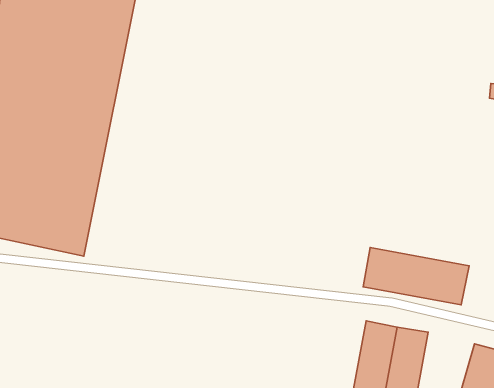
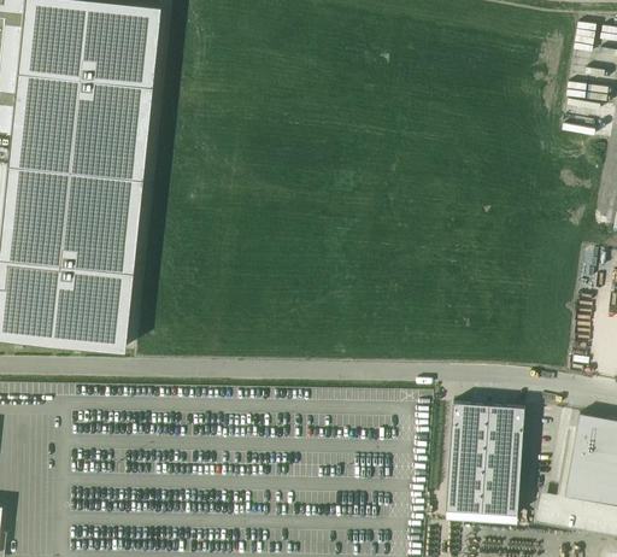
building: [363,247,469,305] -> none

